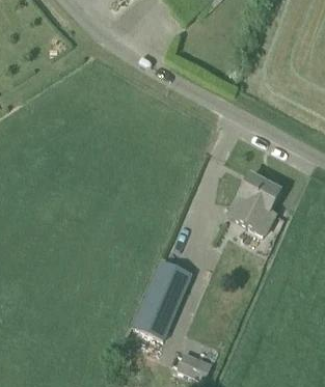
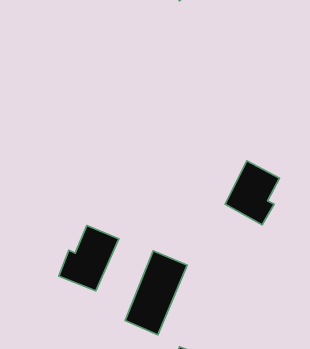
building: none -> [59,225,119,291]

